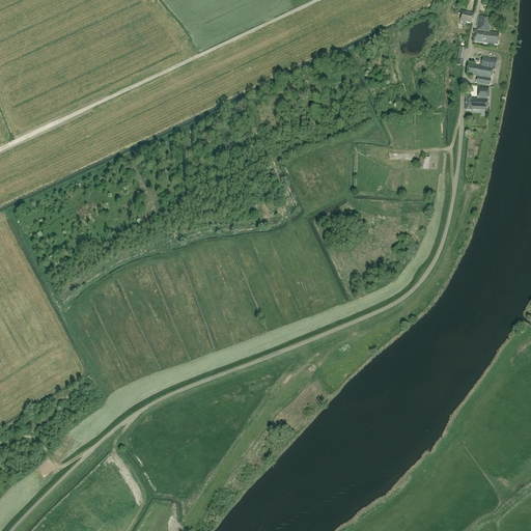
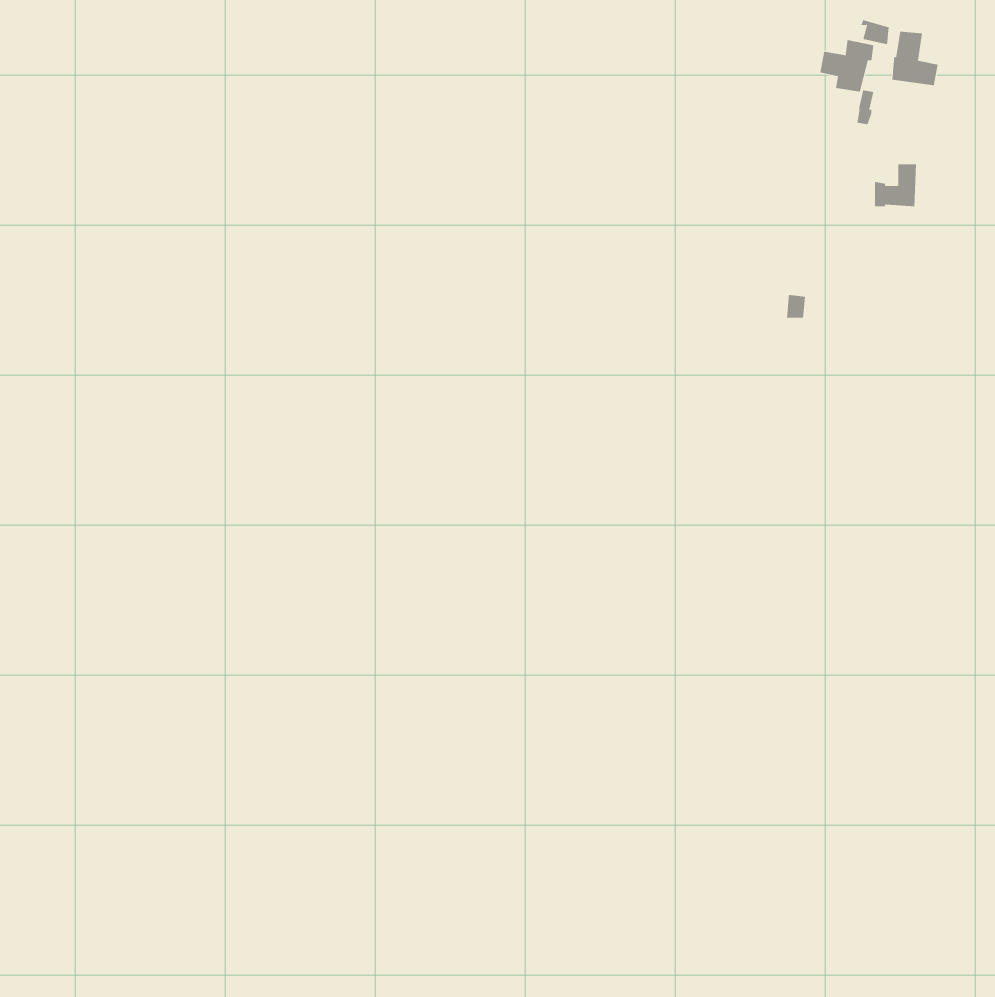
building: [467,57,496,85] -> [820,39,874,92]

